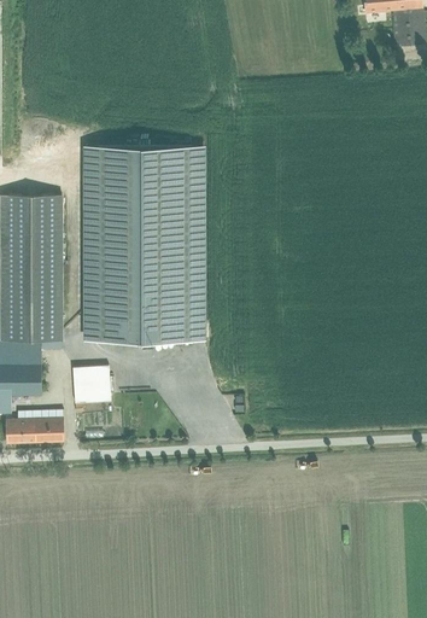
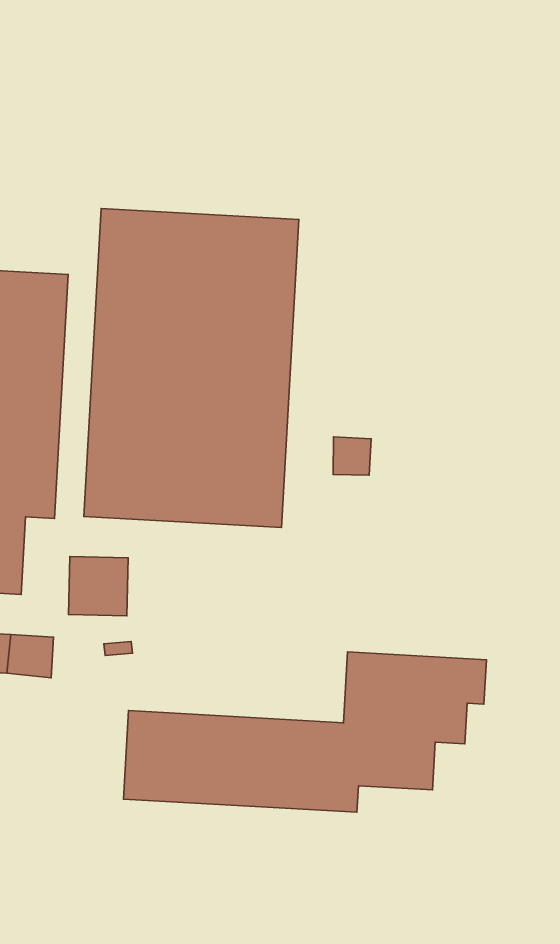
building: none -> [333,437,371,475]
building: none -> [123,652,486,812]

